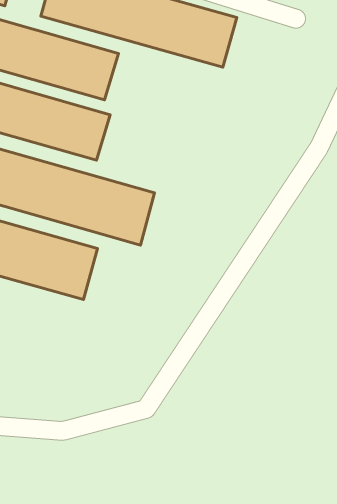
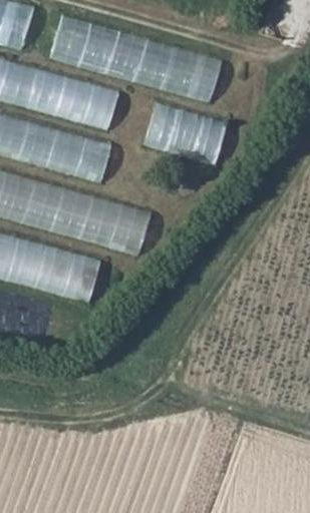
building: none -> [142,101,227,167]

